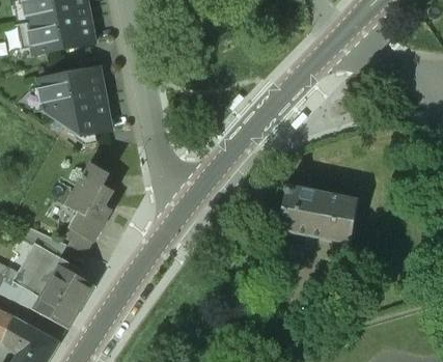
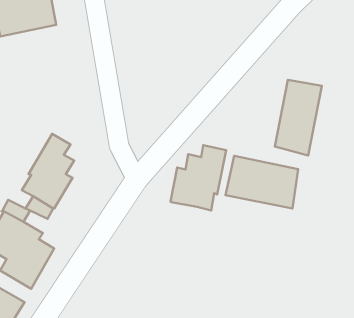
building: [38,67,111,136] -> none
building: none -> [275,80,322,155]
building: none -> [170,145,226,211]

